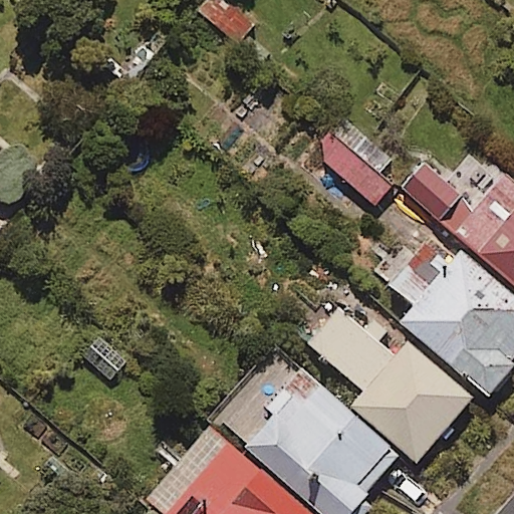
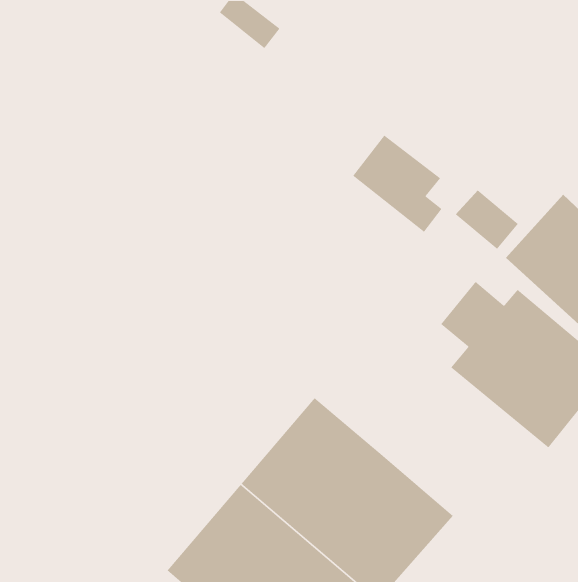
building: [305,291,477,466] -> none

